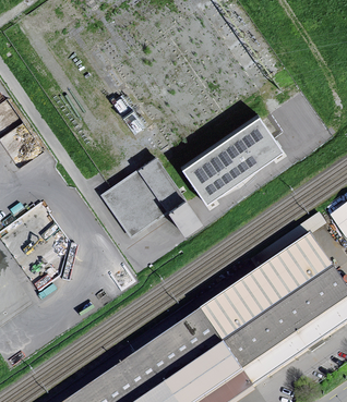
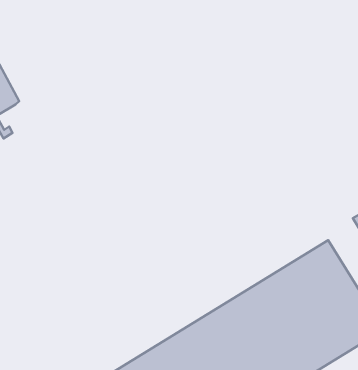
building: [179,109,280,199] -> none
building: [98,154,203,239] -> none

